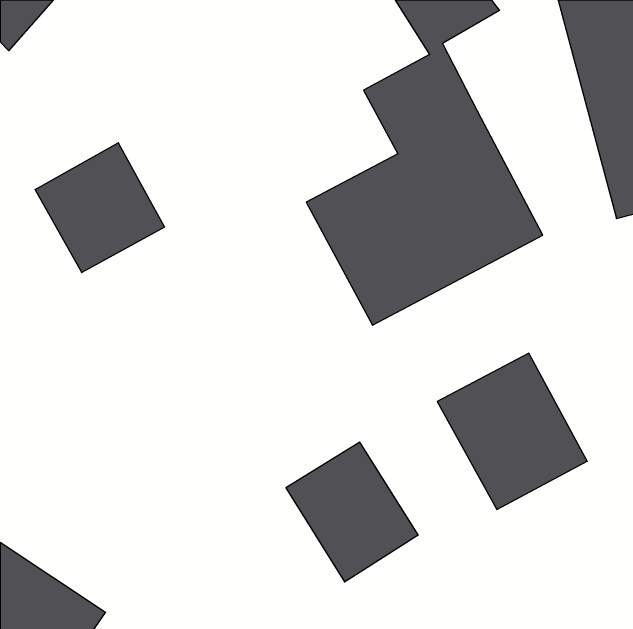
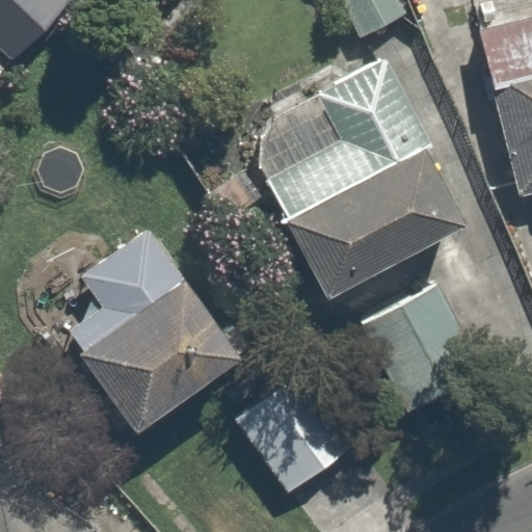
building: [35,143,165,273] -> none
building: none -> [64,197,249,416]

